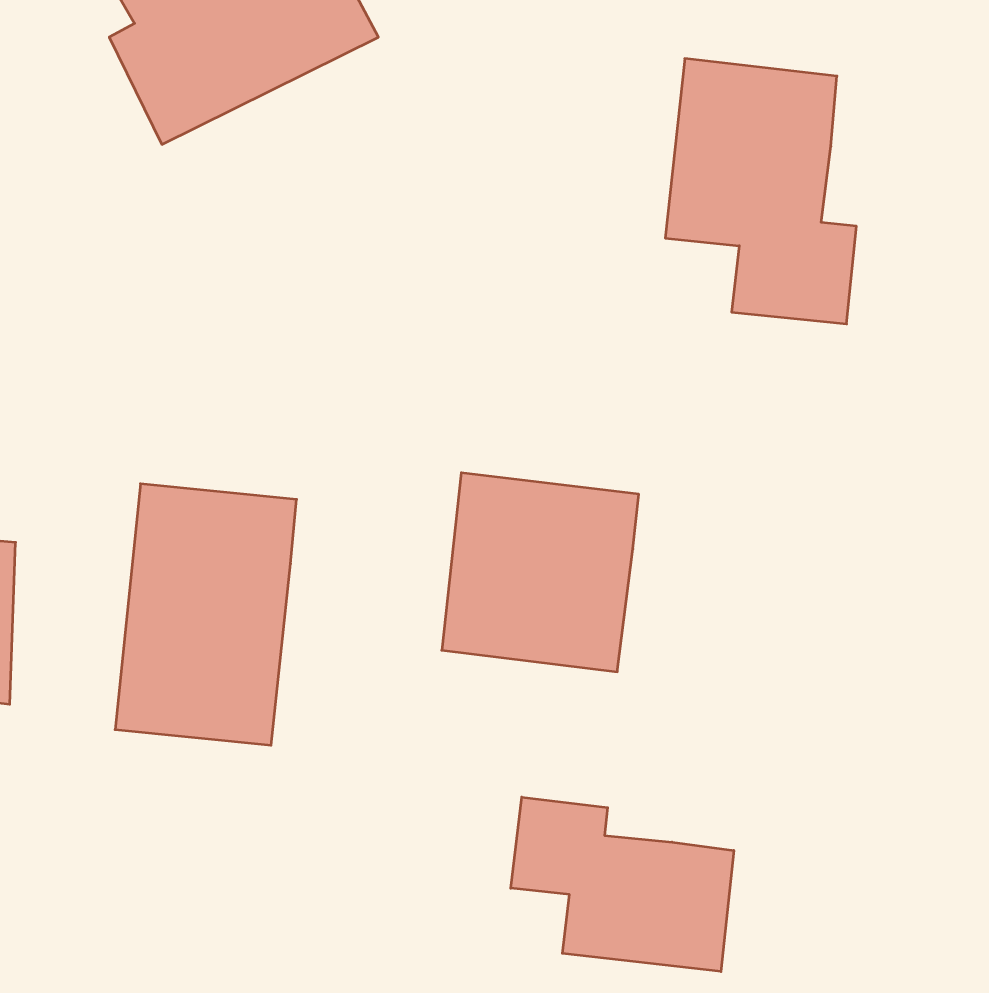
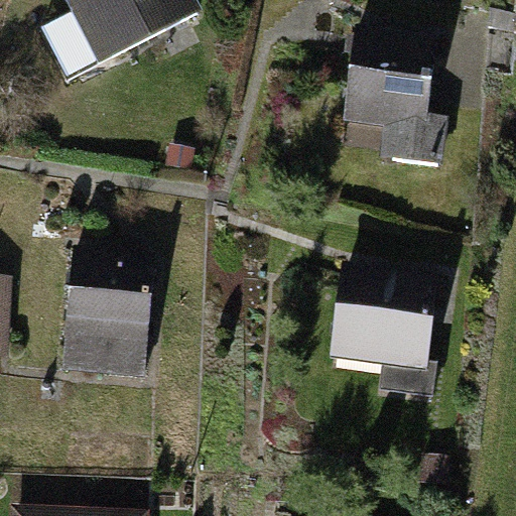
building: [442,473,639,672] -> [333,272,434,375]
building: [511,797,734,972] -> none

